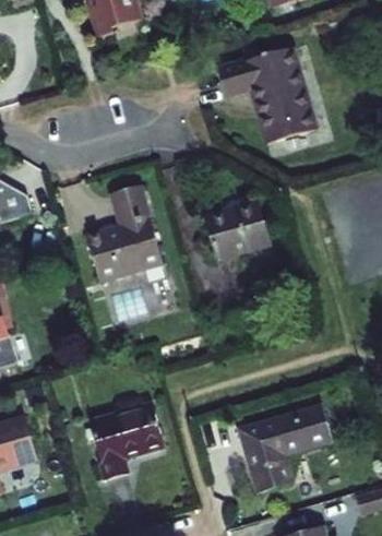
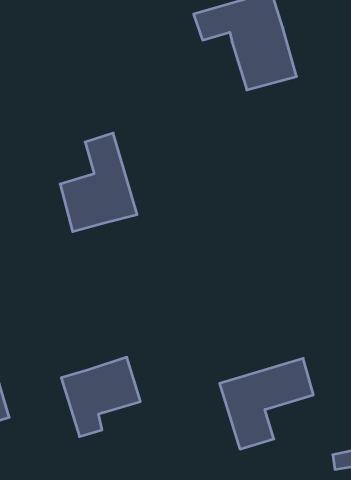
building: [202,201,267,259] -> none

